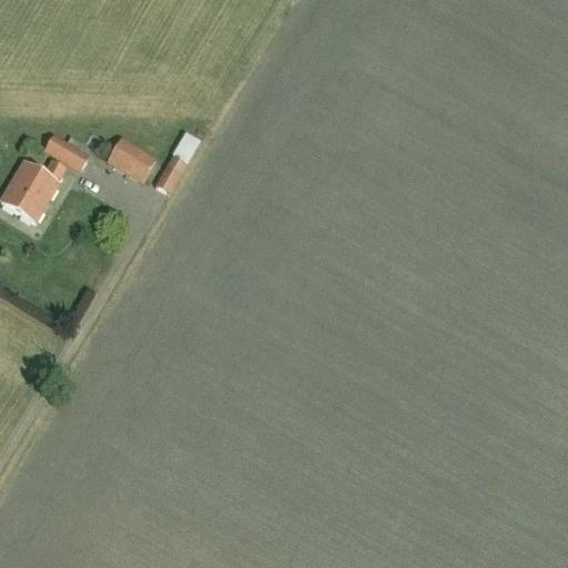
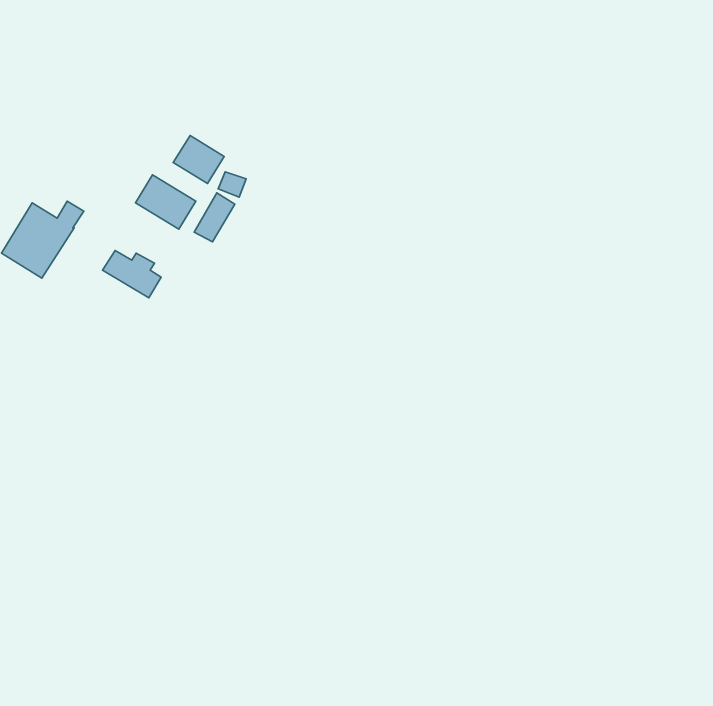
building: none -> [173,135,224,184]
building: [44,134,91,172] -> [103,250,161,298]

